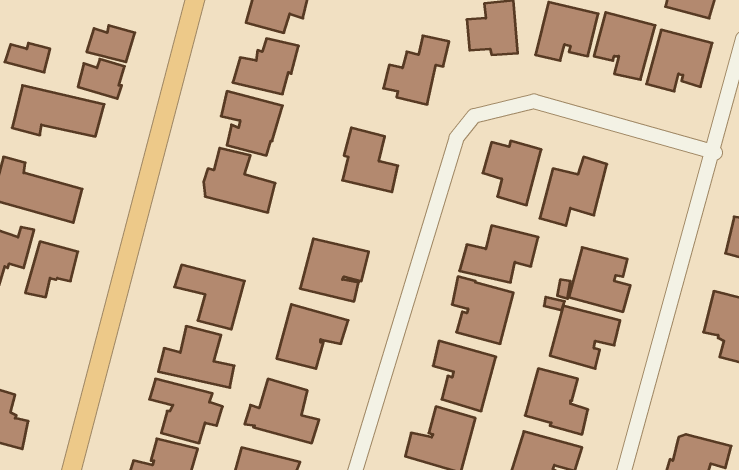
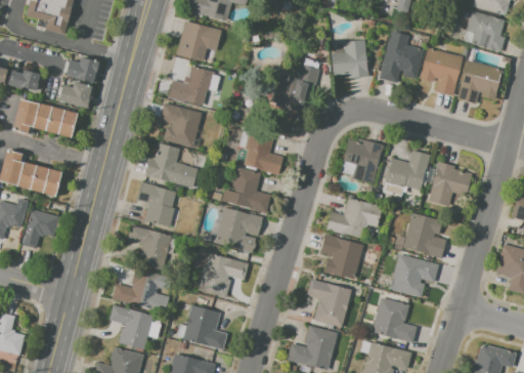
building: none -> [429,162,474,207]
building: none -> [222,167,271,211]
building: none -> [137,182,177,227]

